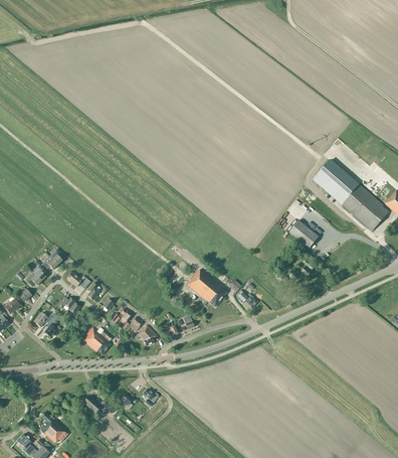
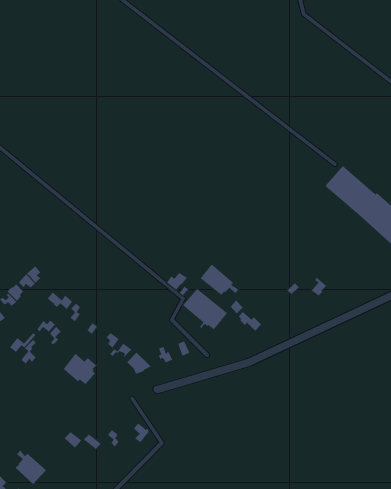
building: [289,220,319,248] -> none
building: none -> [200,264,239,296]

